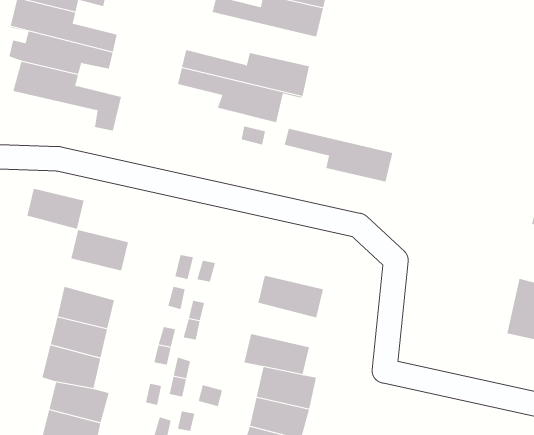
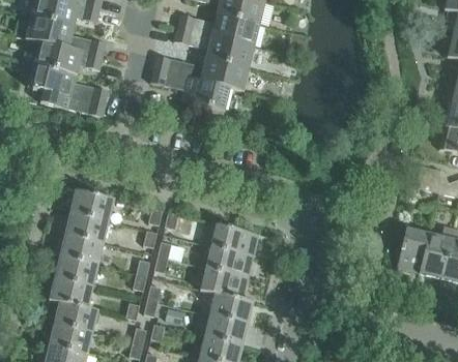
building: [284,128,393,182] -> [173,28,255,68]
building: [26,188,84,230] -> [65,212,109,243]
building: none -> [205,245,255,278]

